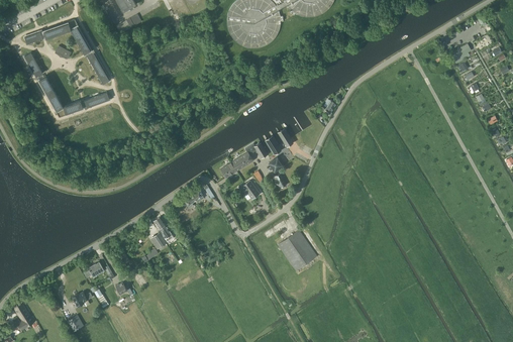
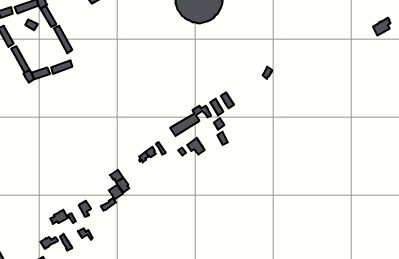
building: [278,230,317,270] -> none

